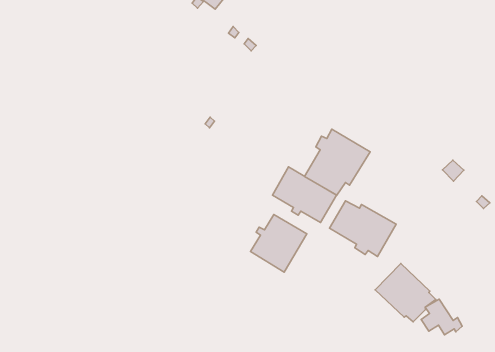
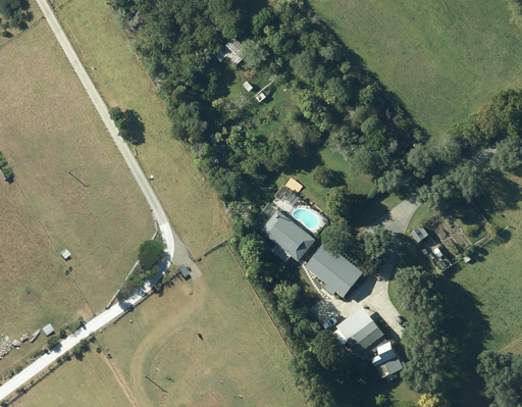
building: [305,129,370,195] -> none
building: [251,214,307,272] -> none

